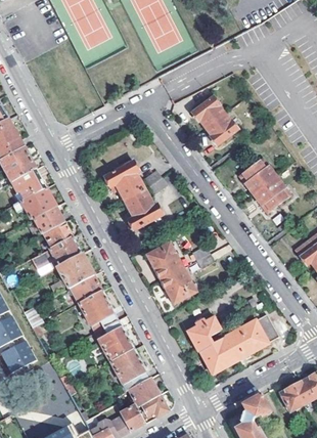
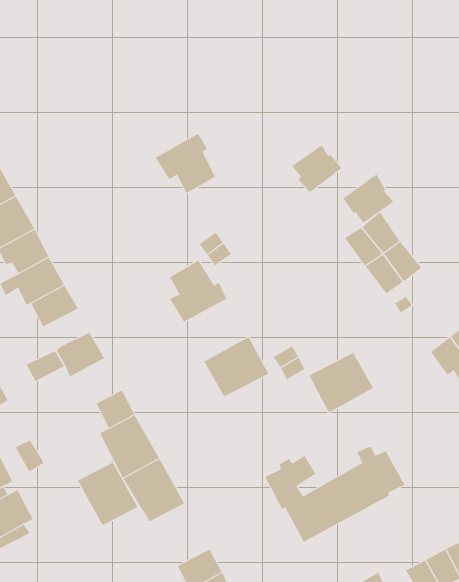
building: [190,94,224,127] -> [343,174,394,224]
building: [103,160,143,200] -> [155,133,216,194]
building: [43,220,72,245] -> none
building: [56,253,93,287] -> none
building: [160,263,202,303] -> [308,352,374,413]
building: [110,348,150,390] -> [77,462,138,526]

